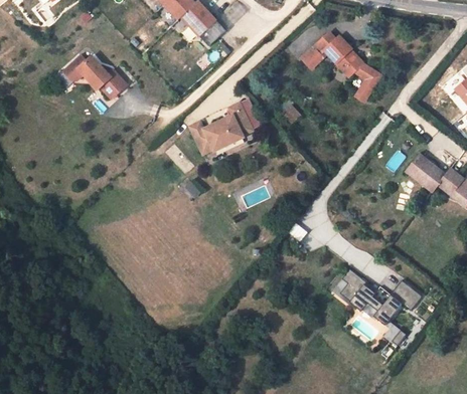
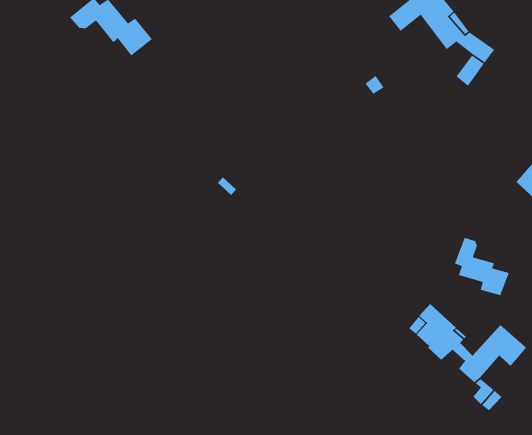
building: [186,100,253,150] -> none
building: none -> [454,237,510,296]

